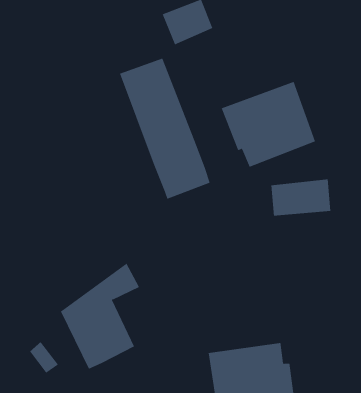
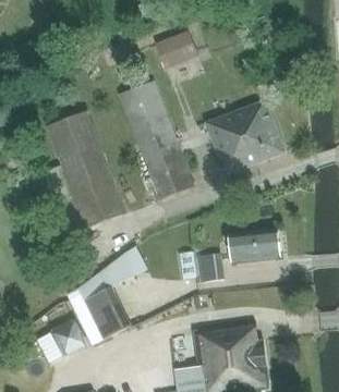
building: none -> [46,111,126,230]
building: [271,179,331,216] -> [228,229,279,260]
building: none -> [195,255,225,283]

